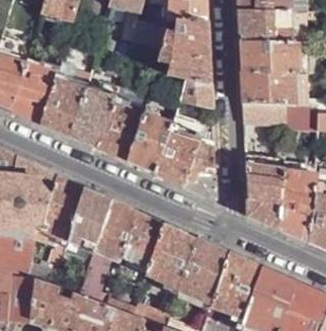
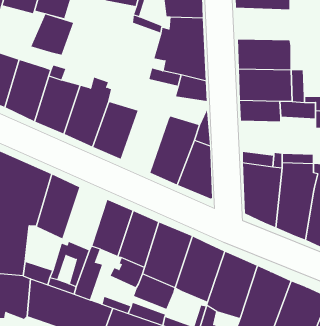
building: [240,11,295,44] -> none
building: none -> [30,14,74,56]
building: [127,113,173,175] -> none
building: [69,189,112,252] -> none

